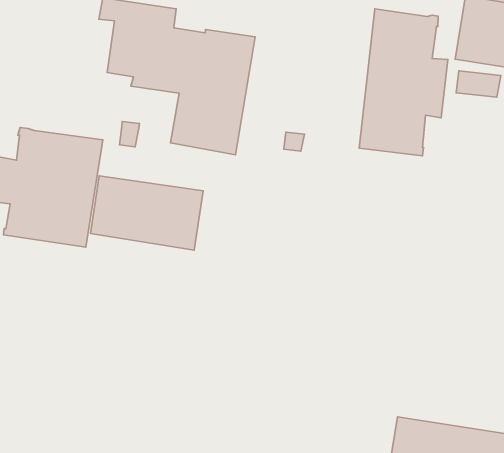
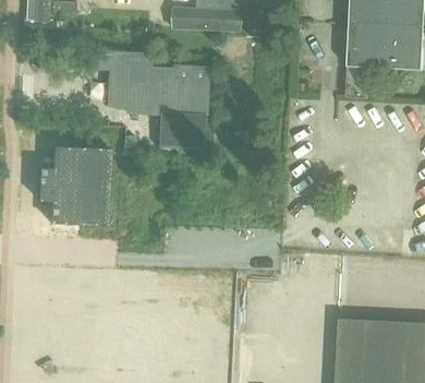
building: [359,9,448,156] -> none
building: [90,176,203,250] -> none

